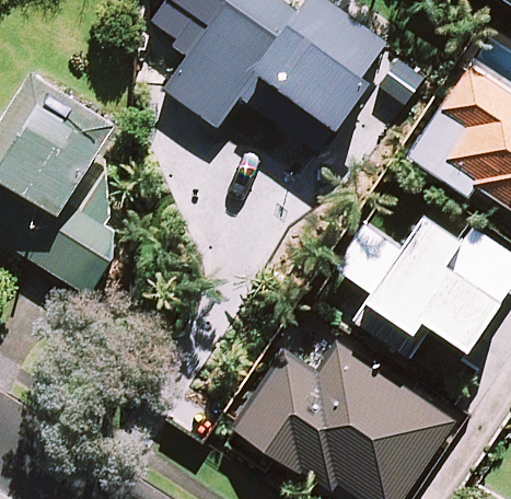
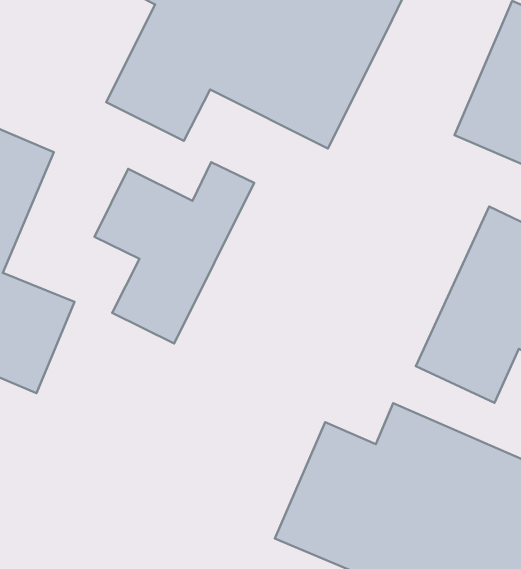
building: none -> [95,162,254,343]

